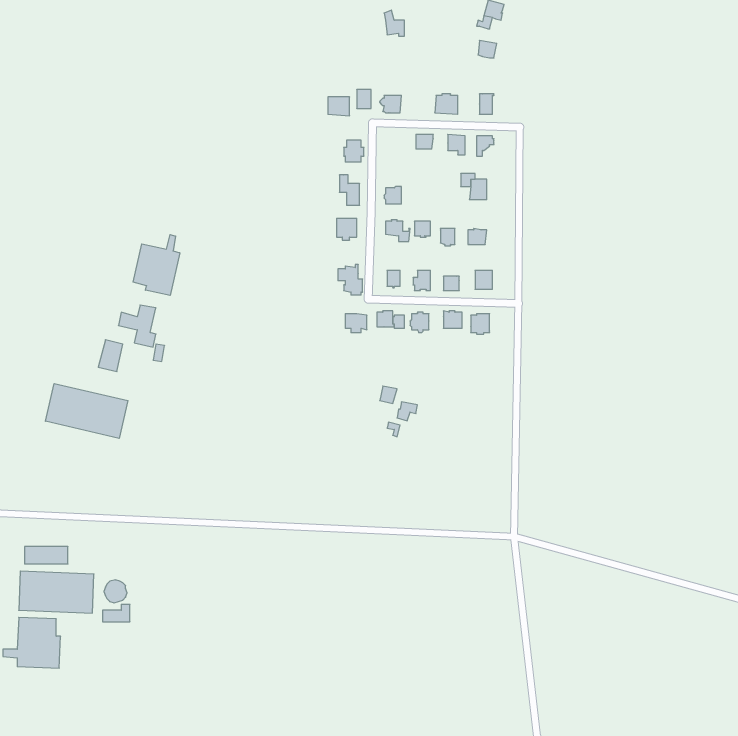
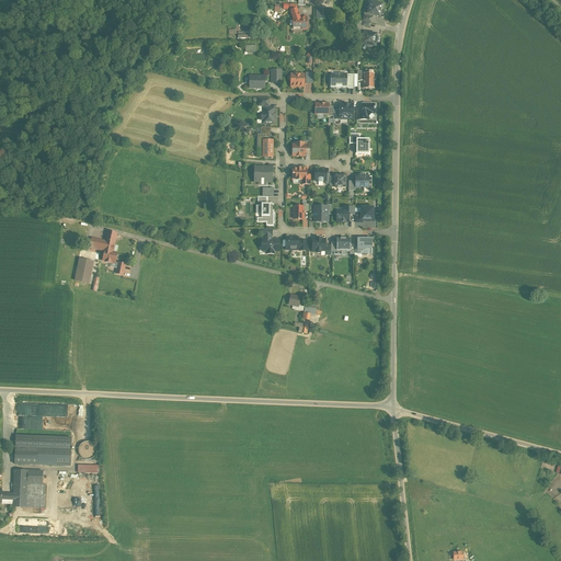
building: [133,235,180,295] -> none
building: [45,384,128,438] -> none

